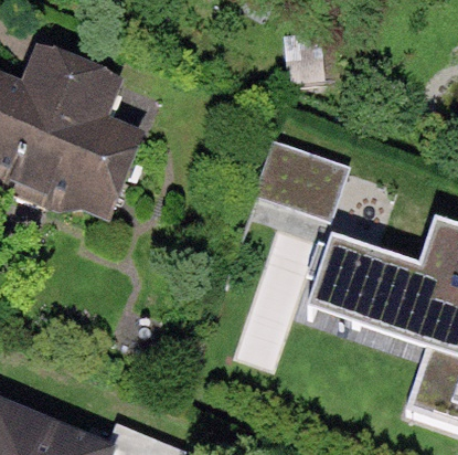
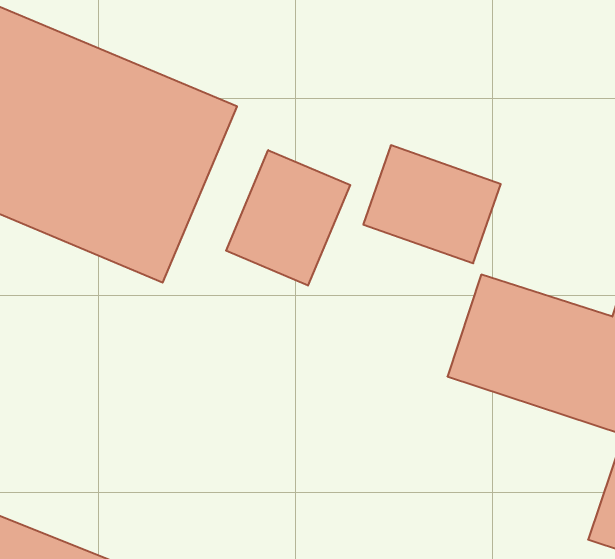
building: none -> [226,150,350,286]

